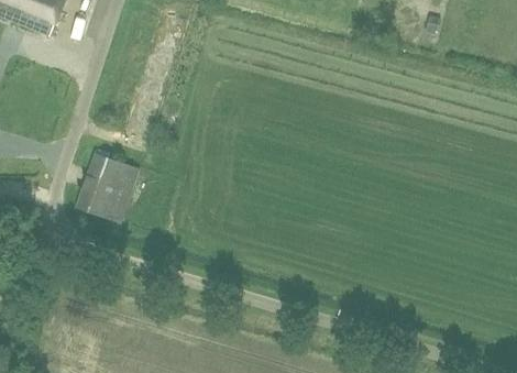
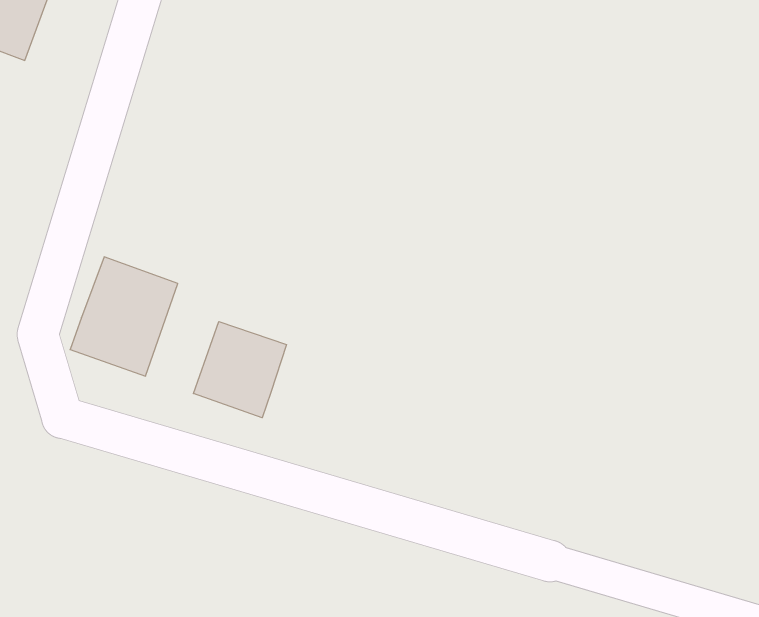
building: none -> [193,322,286,418]

